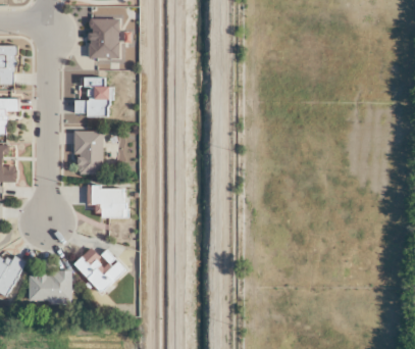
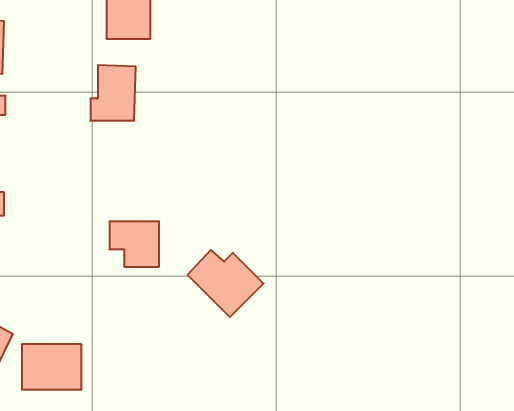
building: [73,131,102,174] -> none
building: [73,247,126,294] -> [188,250,264,317]

